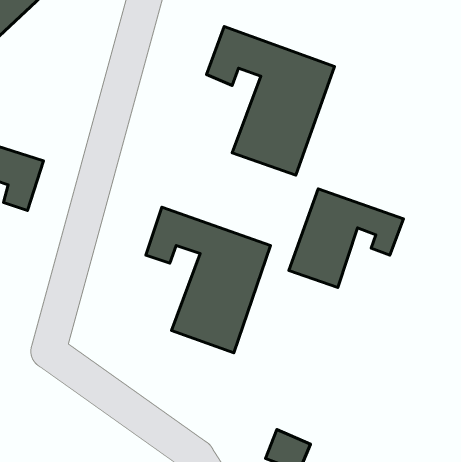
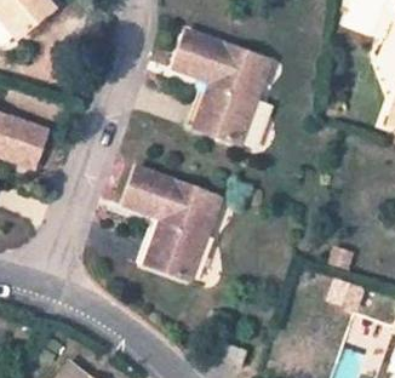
building: [289,189,403,288] -> none

